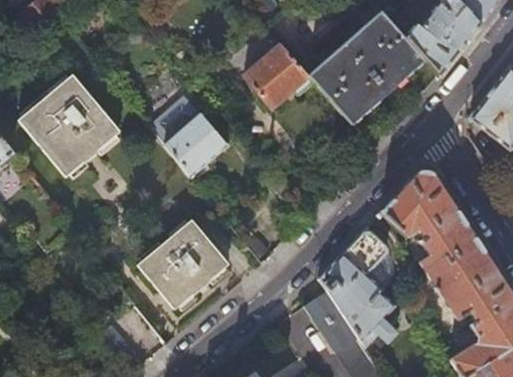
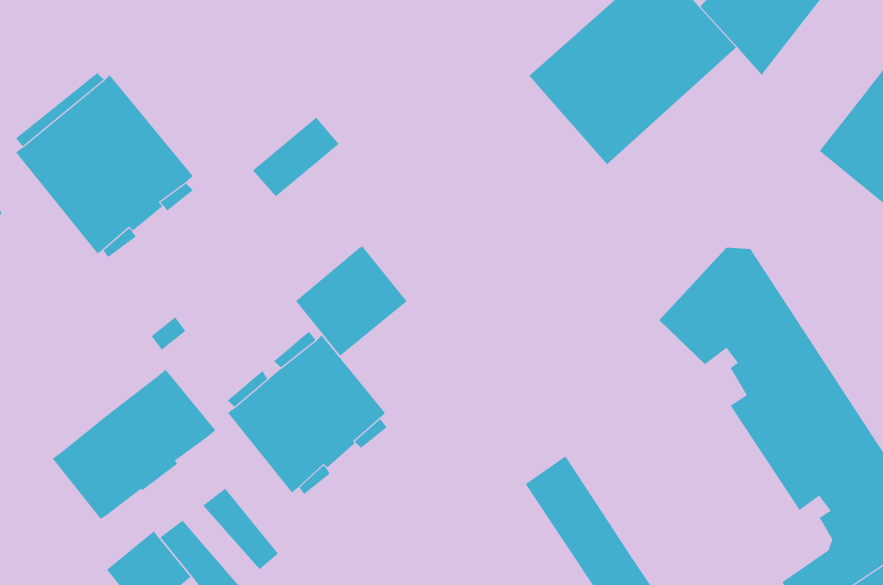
building: [244,45,315,109] -> none
building: [165,113,228,175] -> [295,246,407,356]
building: [321,227,399,348] -> none
building: none -> [52,369,216,520]

